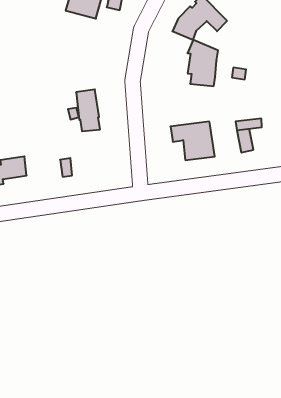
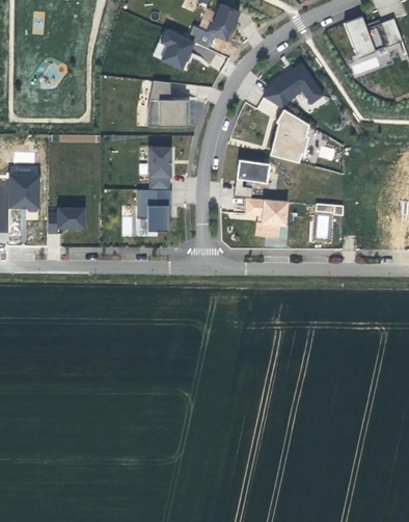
building: none -> [147,80,189,126]
building: none -> [238,161,269,182]
building: none -> [137,190,171,232]

